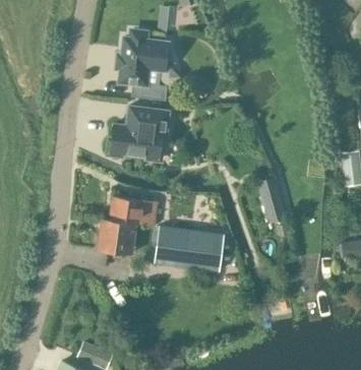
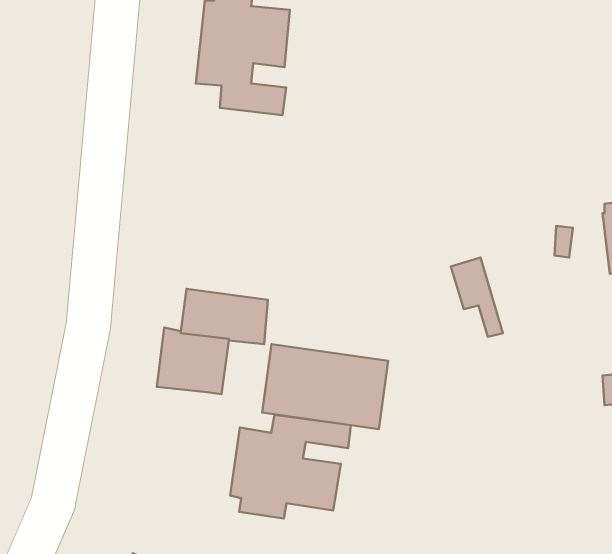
building: [111,106,168,159] -> none
building: none -> [230,415,351,518]

